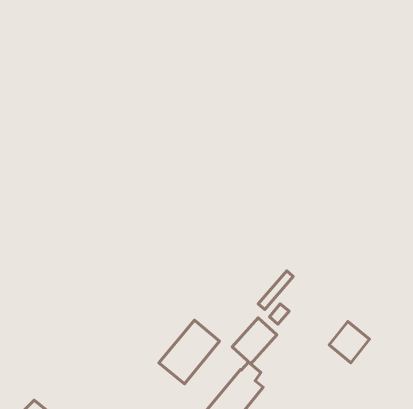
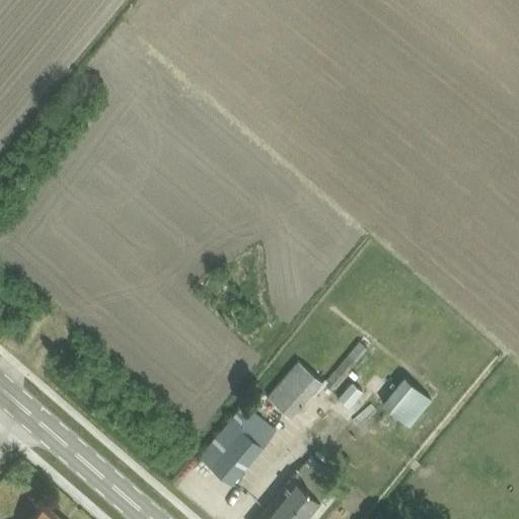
building: [232,318,277,364] -> [266,364,321,422]
building: [329,322,370,363] -> [379,380,430,432]

